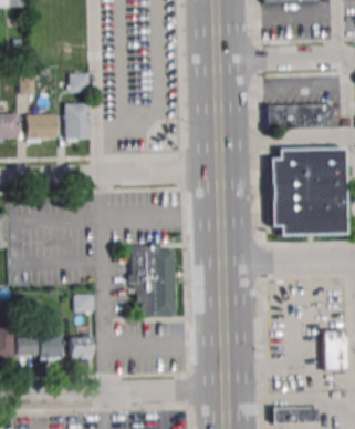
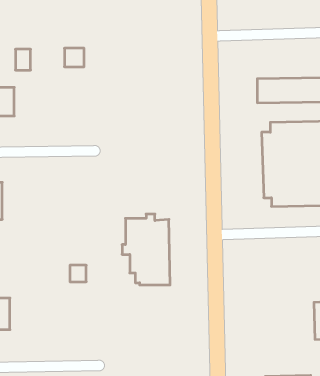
building: [65,102,91,140] -> none
building: [25,113,56,141] -> none
building: [18,335,62,359] -> none
building: [71,335,92,360] -> none

